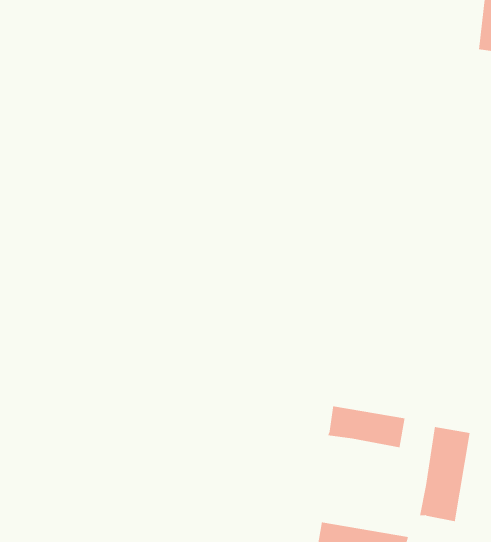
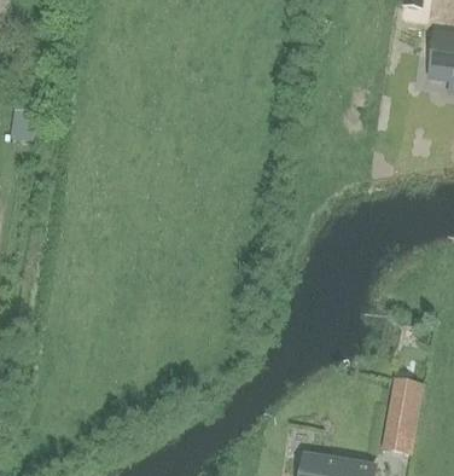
building: [327,405,405,448] -> none

